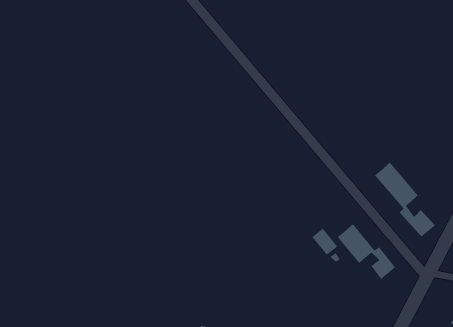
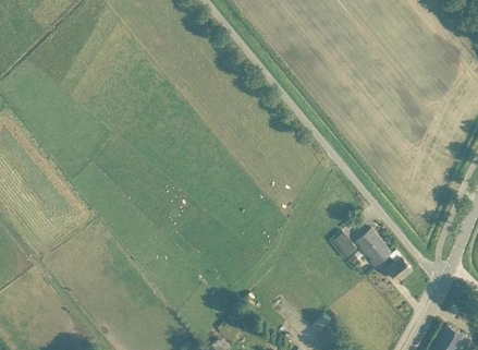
building: [374,162,436,238] -> none

